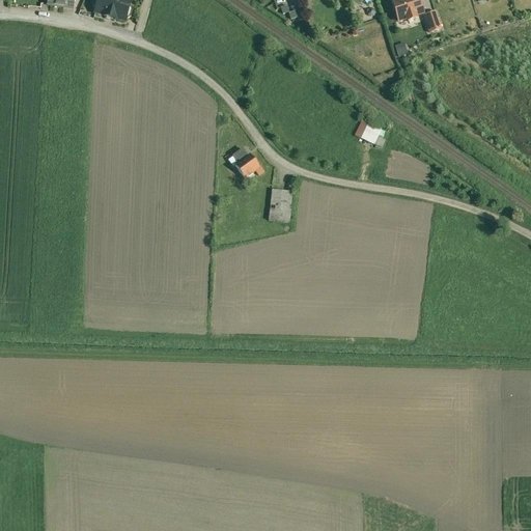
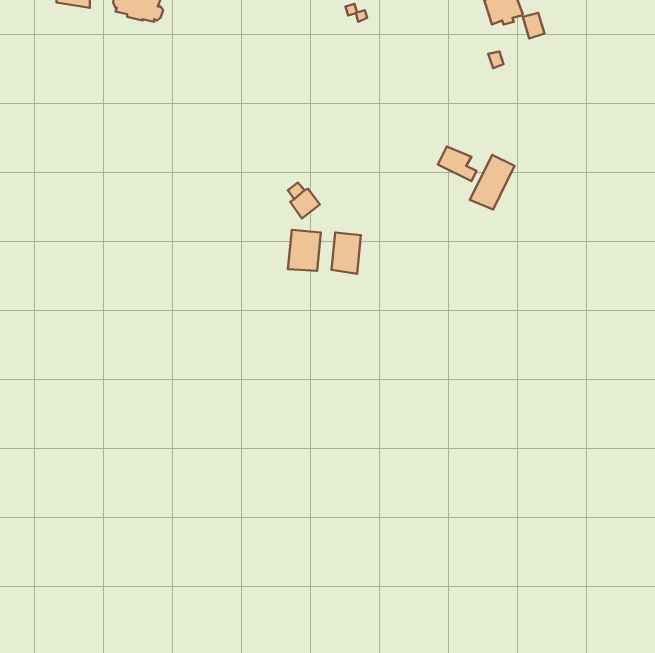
building: none -> [470,155,515,209]
building: none -> [288,230,321,271]

